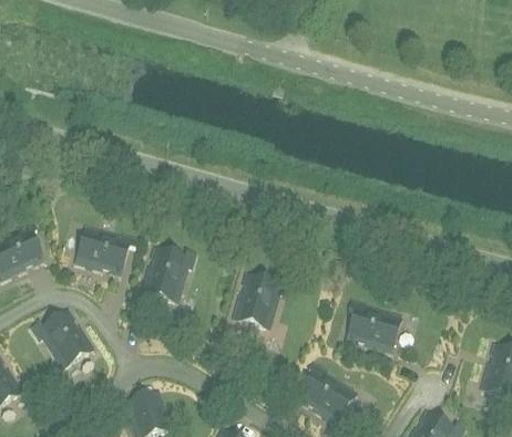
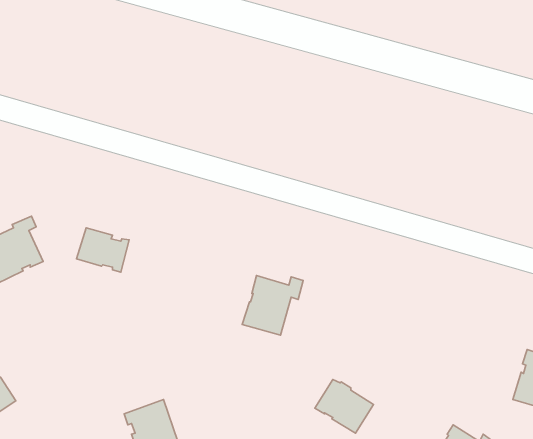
building: [145,249,197,301] -> none
building: [349,296,400,351] -> none
building: [30,309,93,368] -> none

